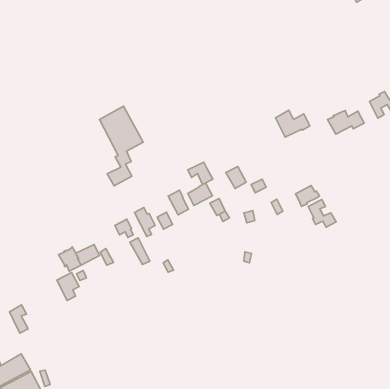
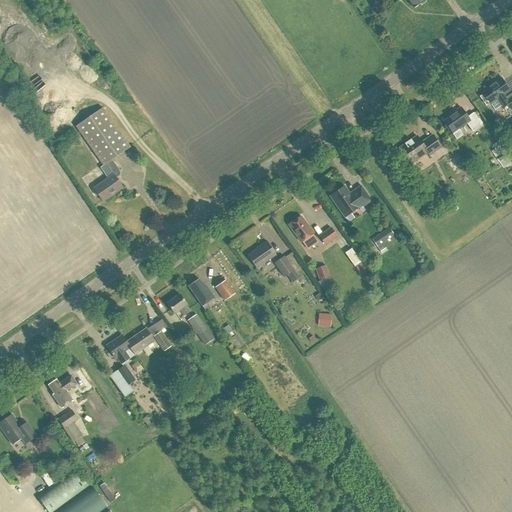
building: [99,106,143,186] -> [76,107,130,201]
building: [276,110,310,137] -> [330,185,371,217]
building: [188,162,213,185] -> none
building: [168,190,189,215] -> none
building: [308,199,336,227] -> none
building: none -> [48,375,77,408]

